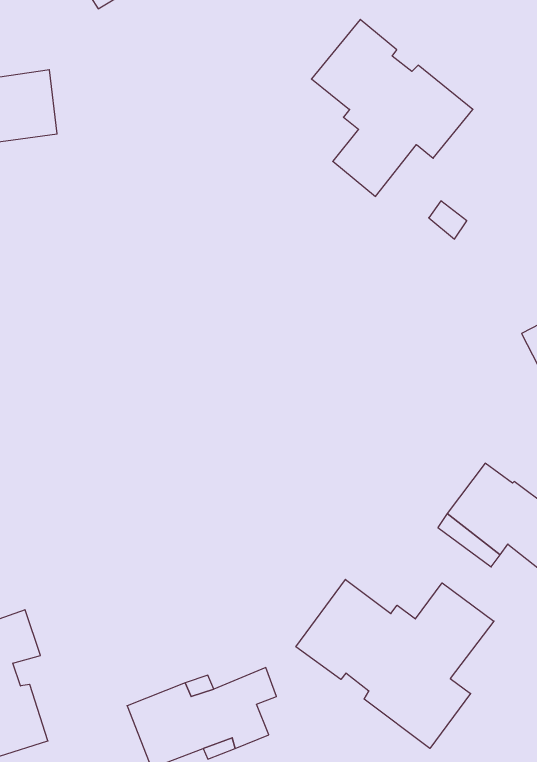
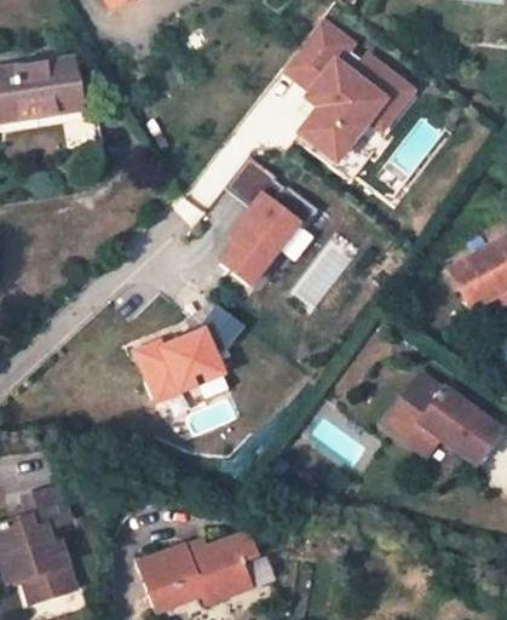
building: none -> [221,154,319,283]
building: none -> [137,303,246,398]
building: [296,579,494,748] -> none

